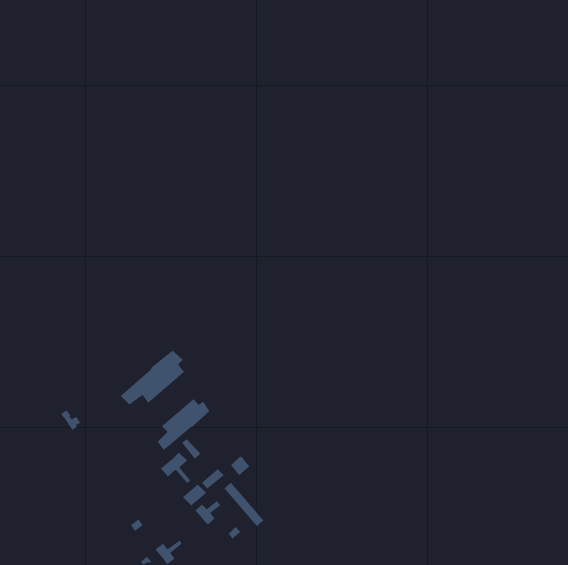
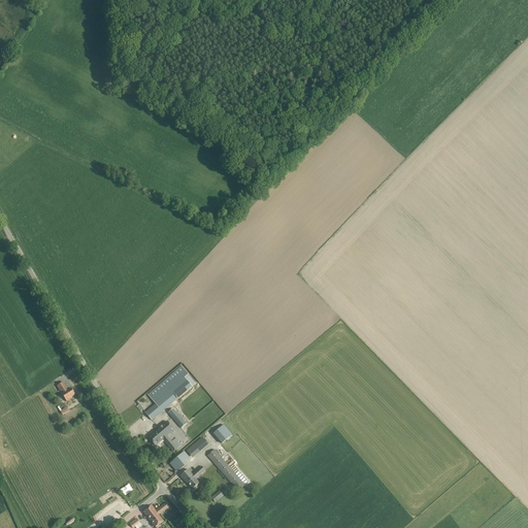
building: [120,350,185,405] -> none

